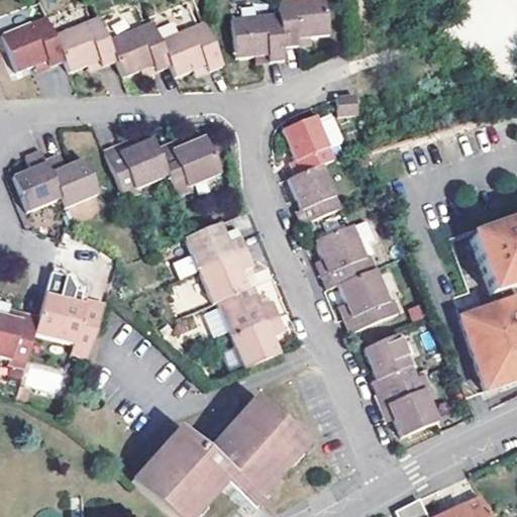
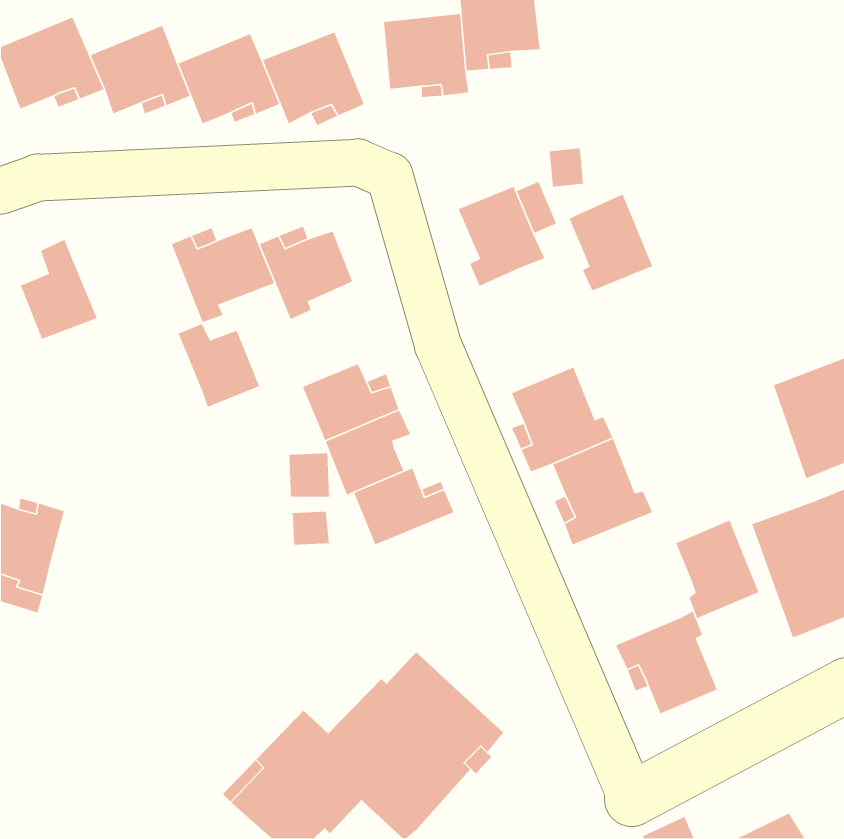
building: [46,151,97,203] -> [177,323,260,408]
building: [288,163,339,222] -> [568,194,653,291]
building: [33,288,104,364] -> none
building: [230,312,285,367] -> none
building: [366,331,417,392] -> [675,520,760,619]

